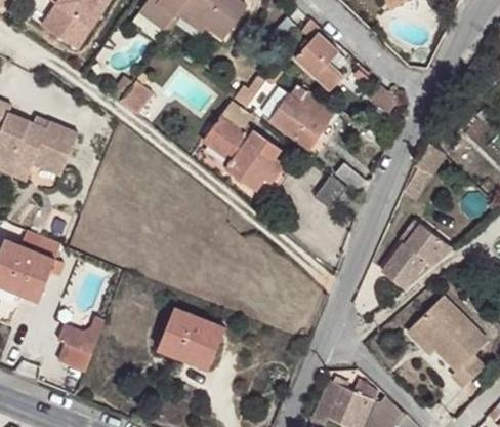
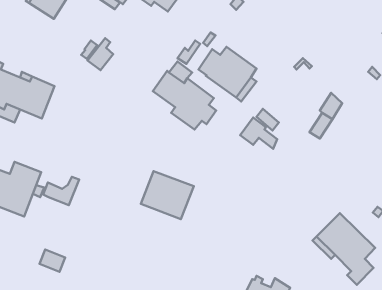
building: [295,33,343,90] -> none
building: [381,224,451,288] -> none
building: [158,308,225,370] -> [141,171,194,219]
building: [58,317,105,353] -> [43,177,79,205]

